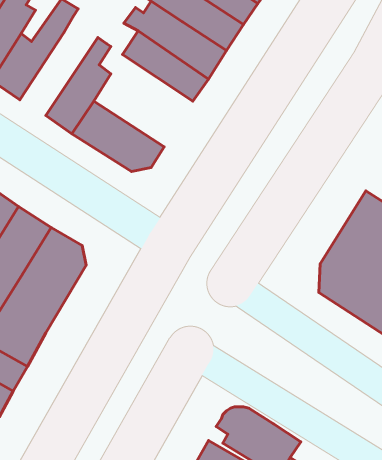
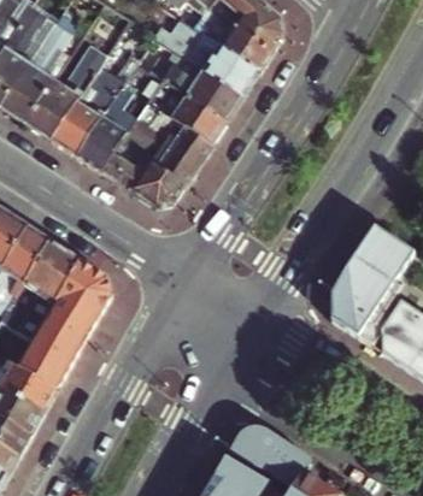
building: none -> [52,63,125,154]
building: none -> [121,98,215,183]

